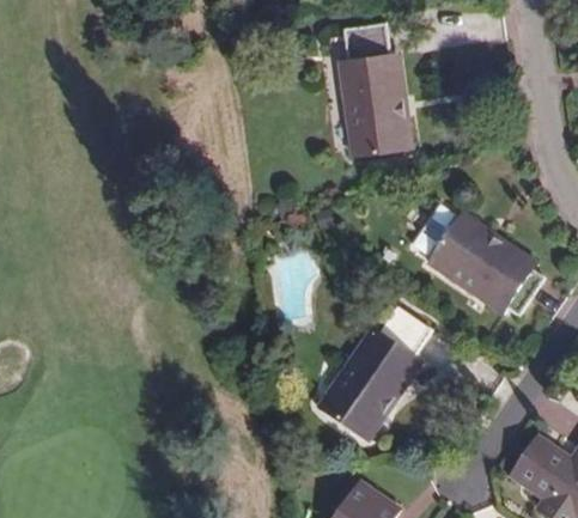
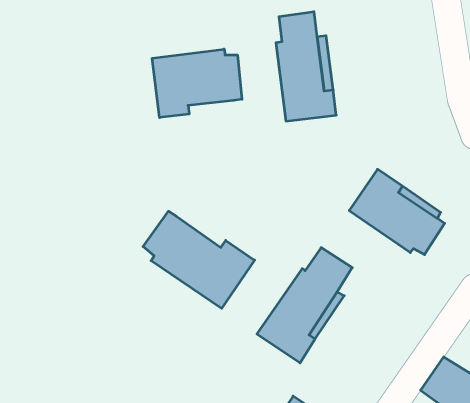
building: none -> [152,49,242,118]
building: none -> [143,211,255,308]

